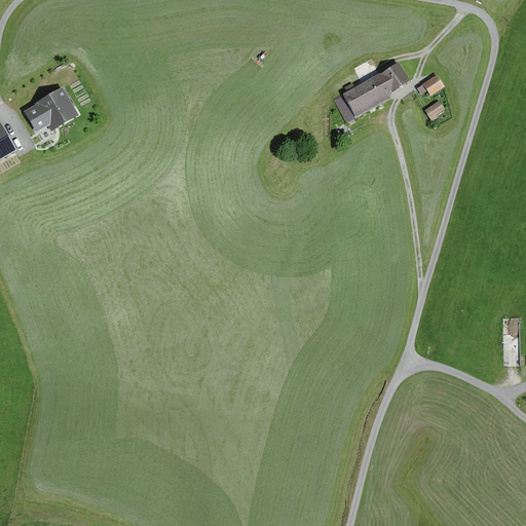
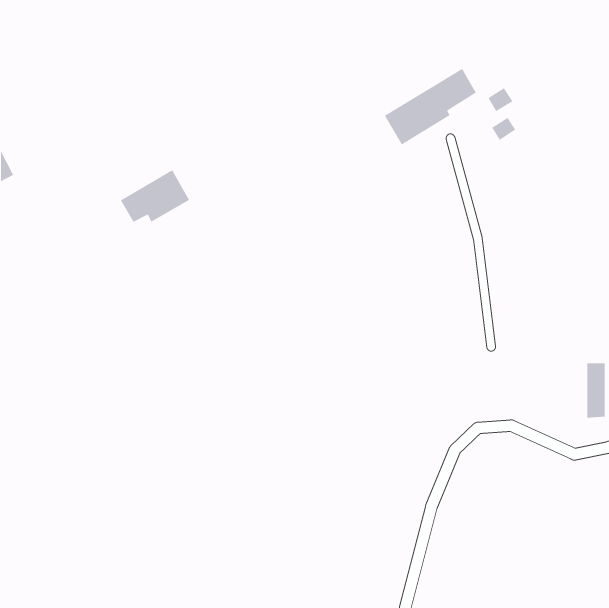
building: [20,85,80,132] -> [120,169,190,223]

